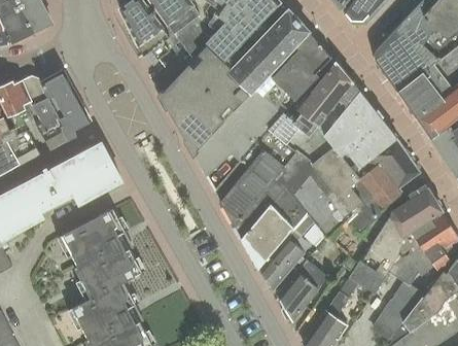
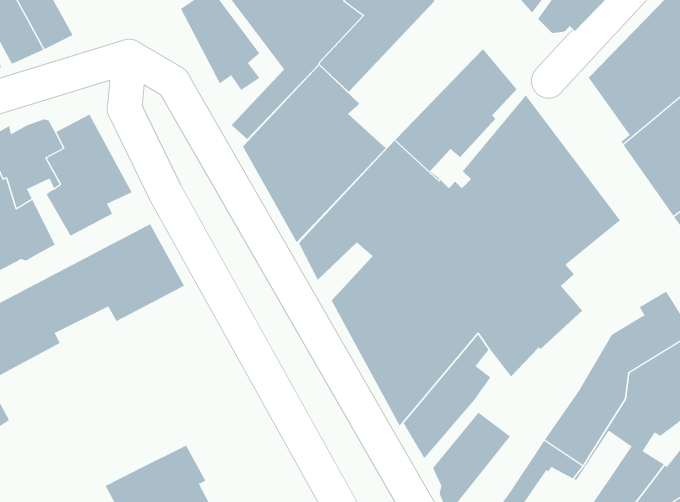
building: [227,9,310,94] -> none
building: [346,140,420,235] -> none
building: [62,207,142,298] -> none

